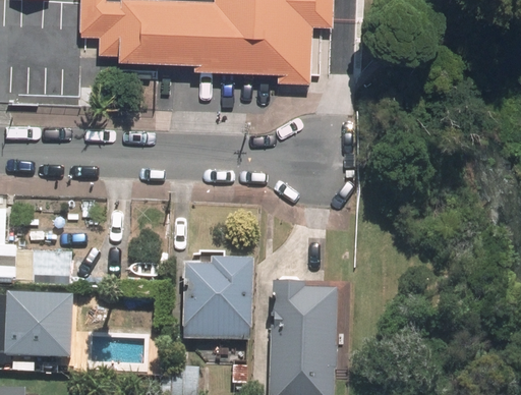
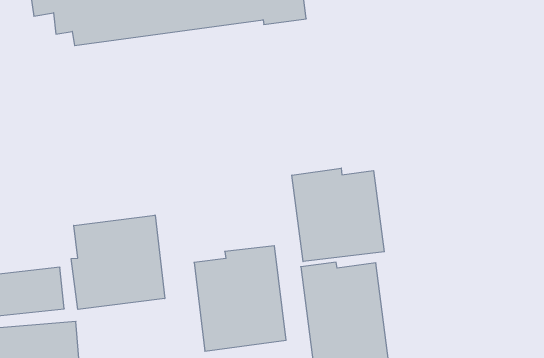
building: none -> [292,168,384,262]
building: none -> [71,215,165,309]

